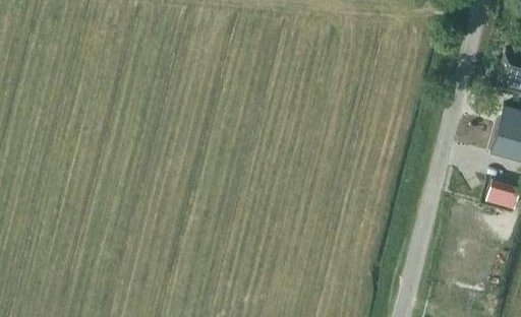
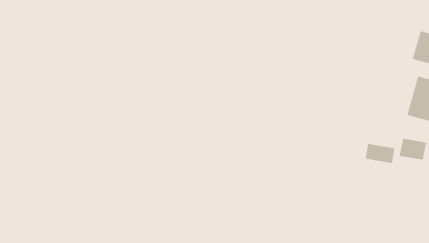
building: none -> [365,143,395,164]

